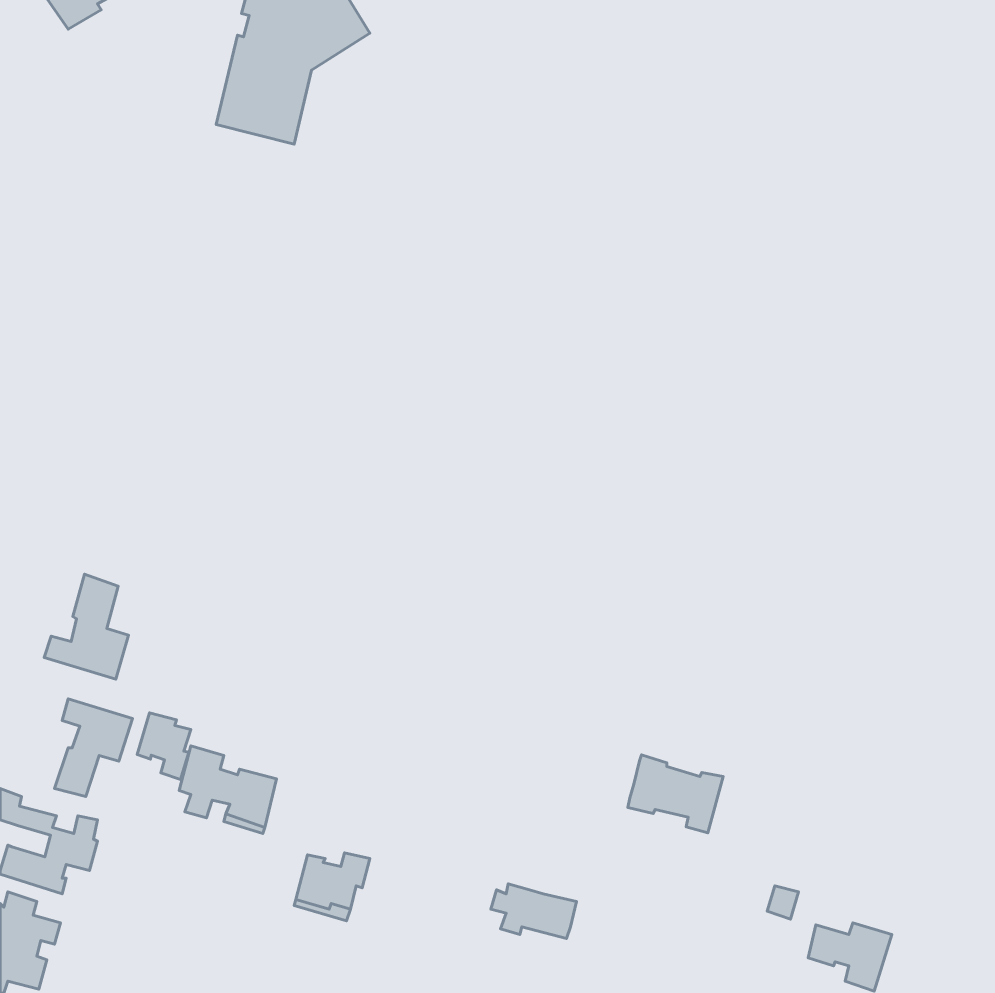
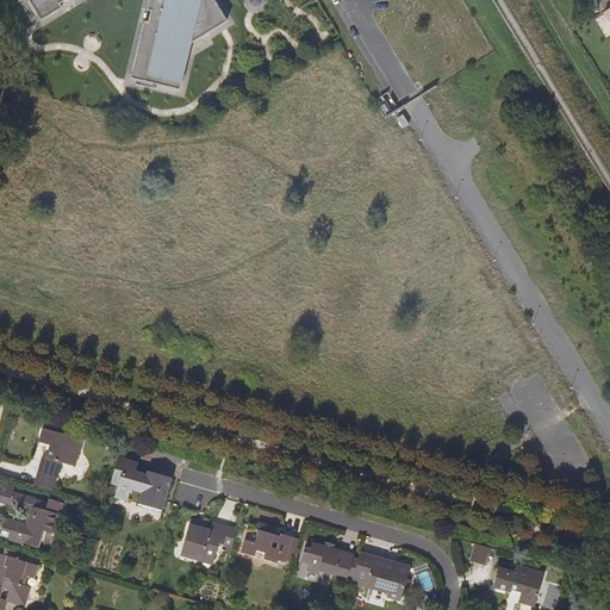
building: [44,574,129,679] -> none
building: [137,713,191,779] -> none
building: [628,755,723,833] -> [351,550,410,598]
building: none -> [242,522,292,561]

